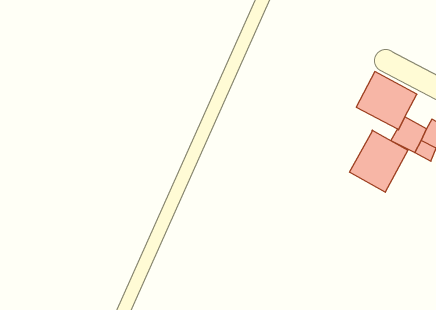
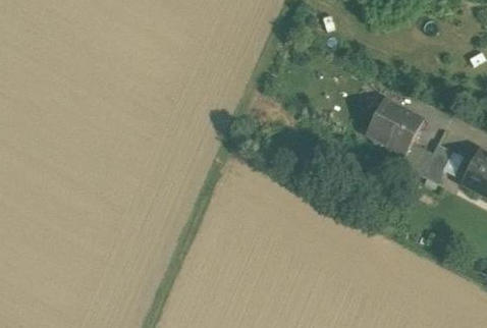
building: [350,130,408,192] -> none

